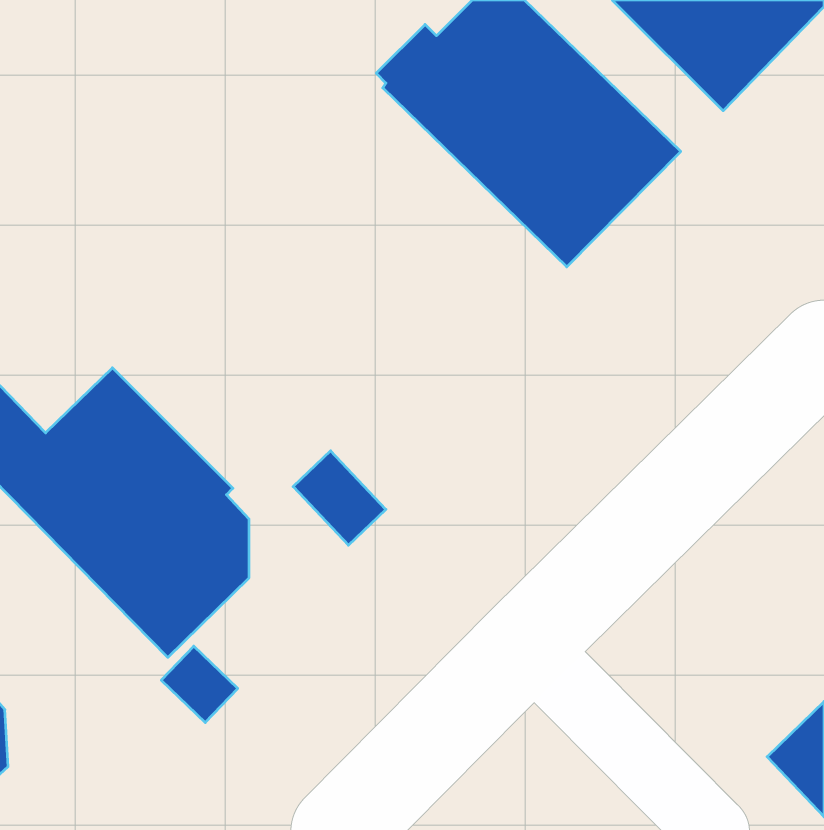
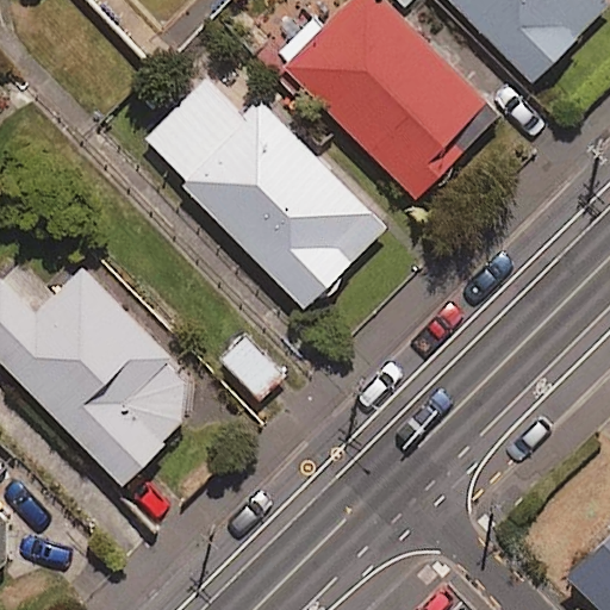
building: none -> [172,95,386,310]

